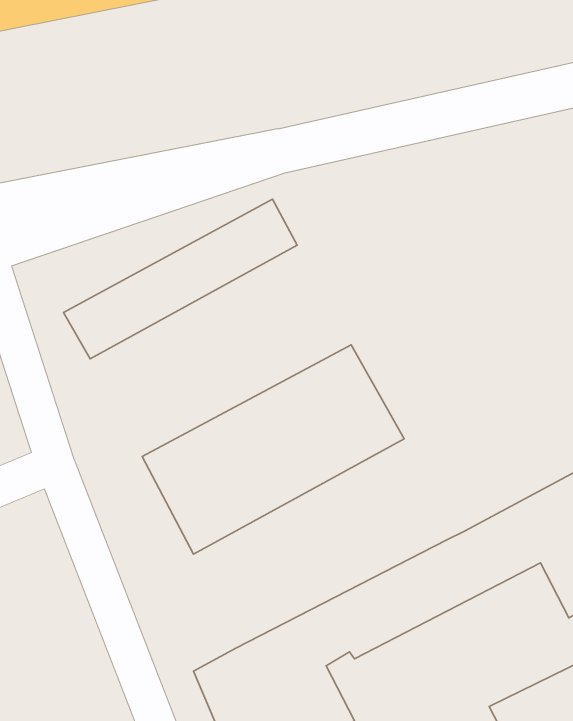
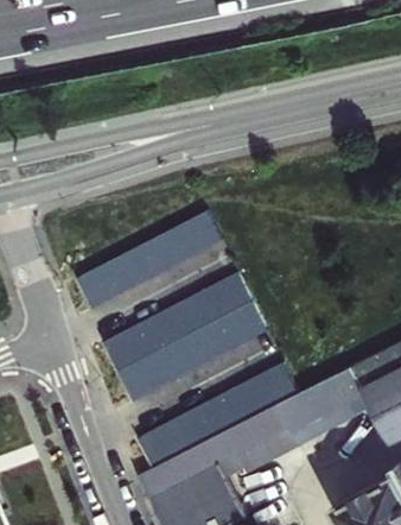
building: [63,199,297,359] -> [70,205,227,312]
building: none -> [147,362,305,468]

